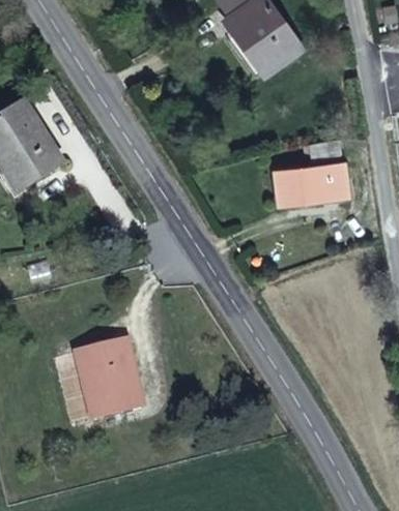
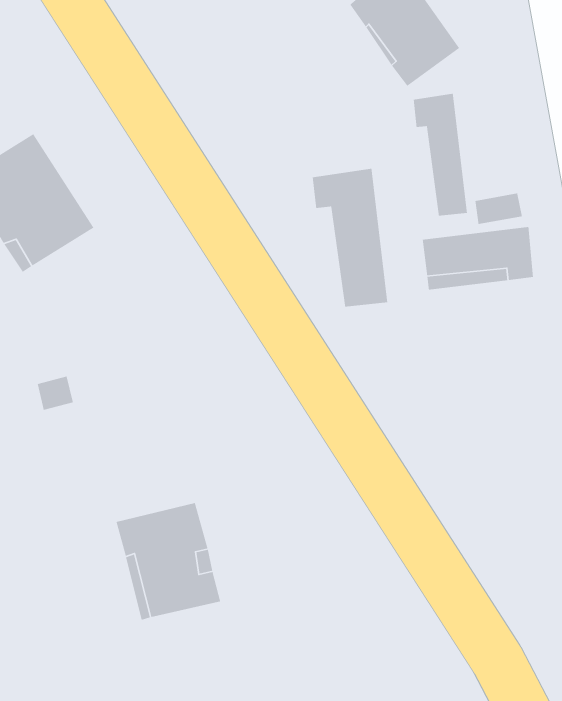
building: none -> [413,93,468,216]
building: none -> [312,168,388,307]

